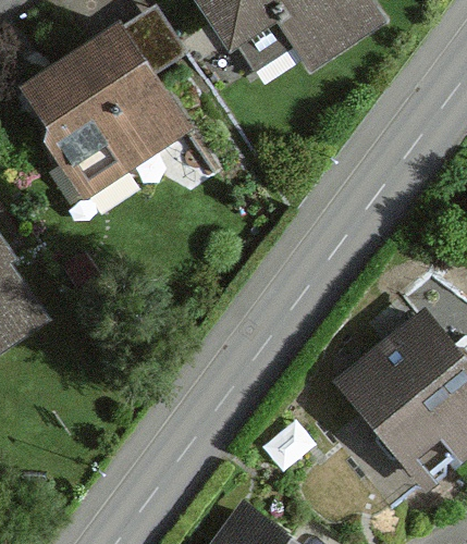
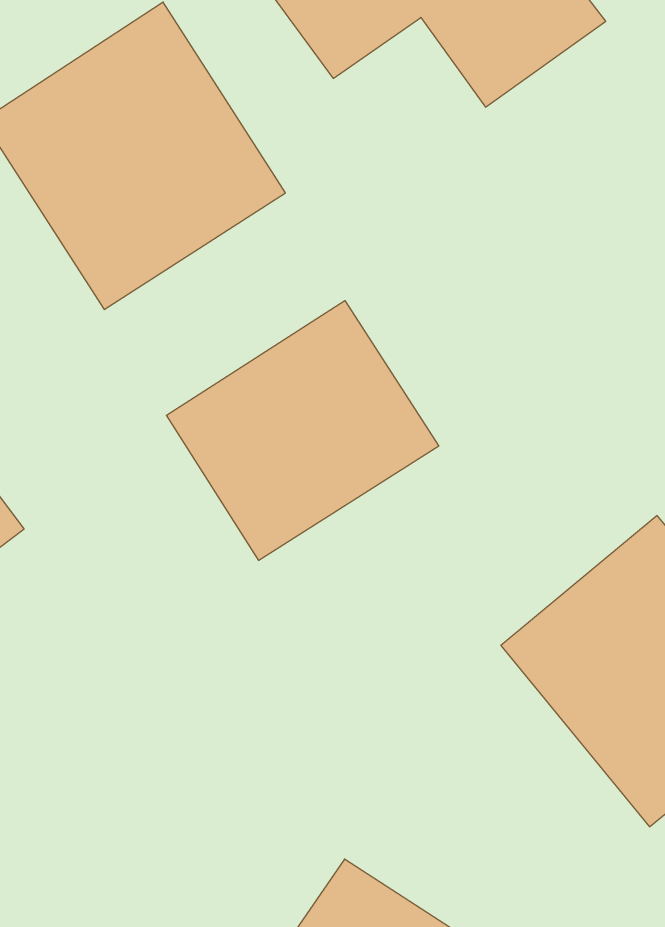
building: none -> [166,301,439,560]

